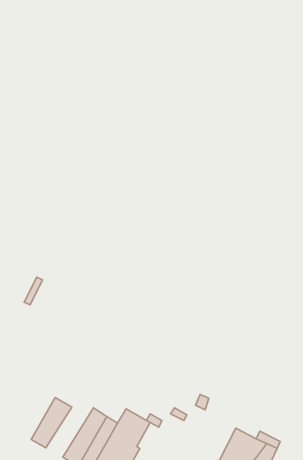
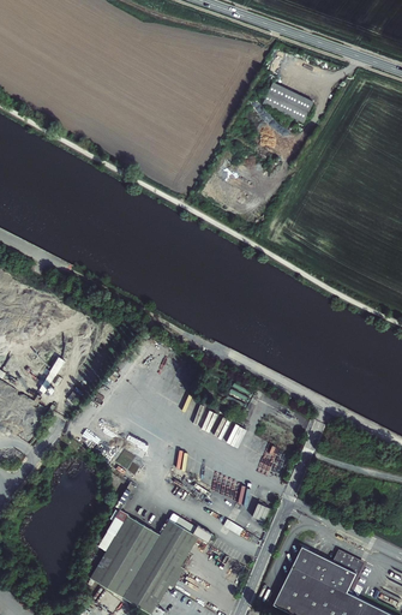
building: none -> [265,84,314,121]
building: [31,397,72,448] -> none

